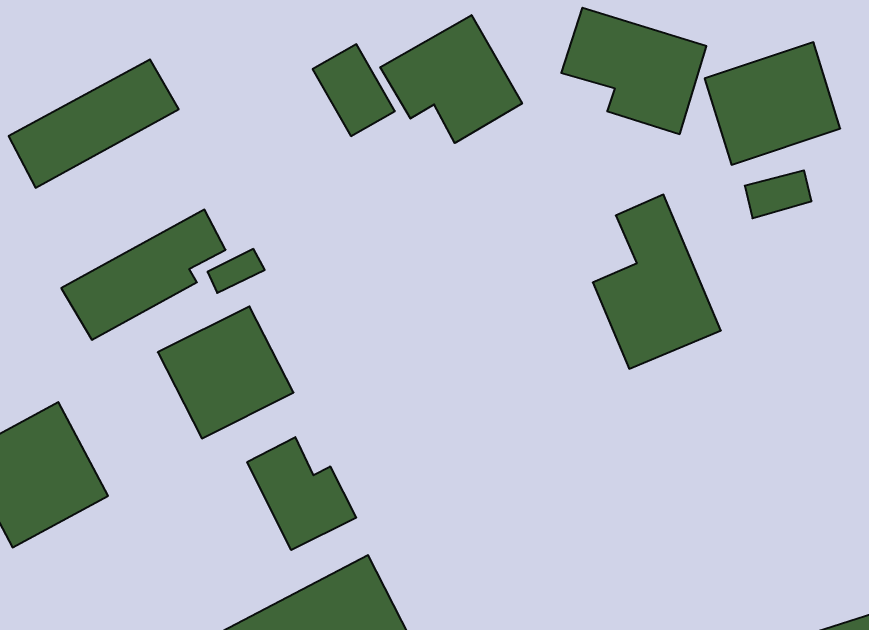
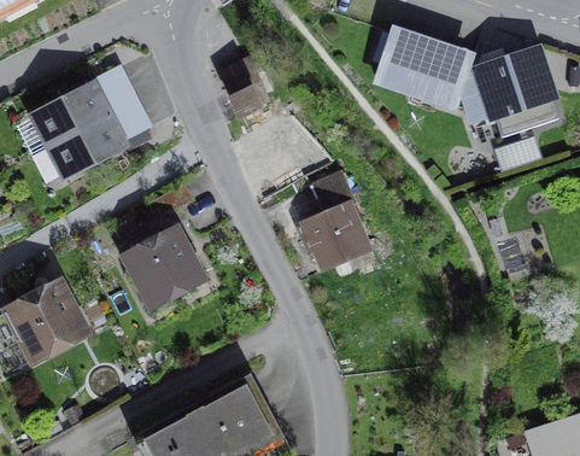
building: [380,15,522,143] -> none
building: [593,195,721,369] -> [292,169,373,279]
building: [61,210,226,340] -> [46,98,150,180]
building: [247,437,356,550] -> none

